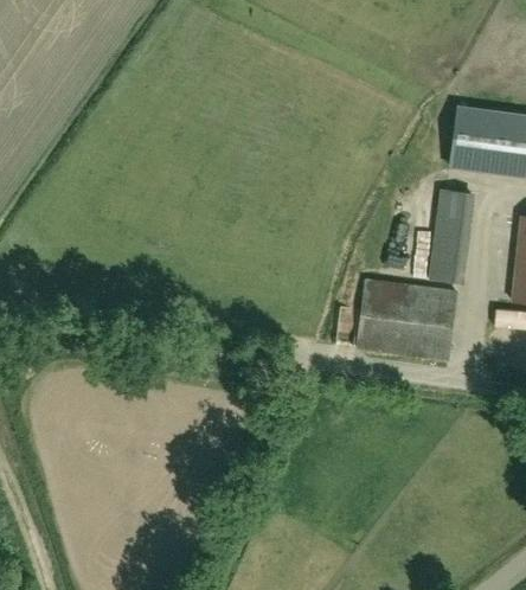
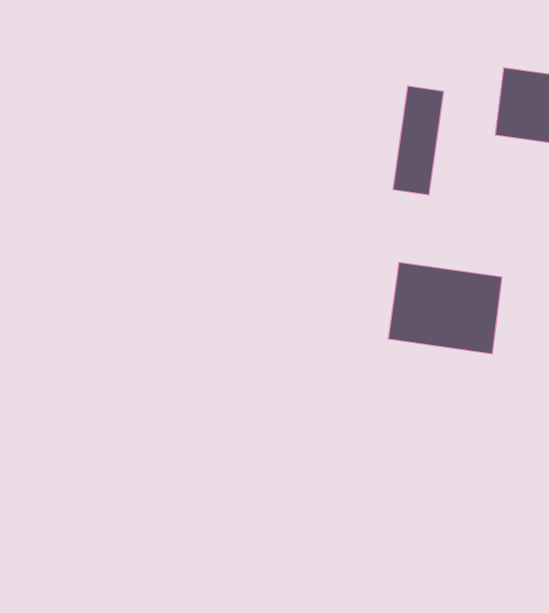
building: [437,187,482,283] -> [393,86,444,195]

